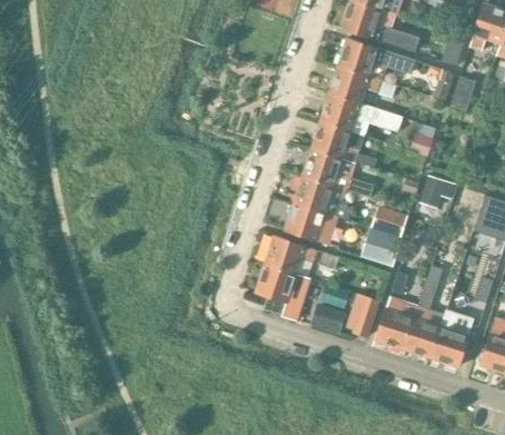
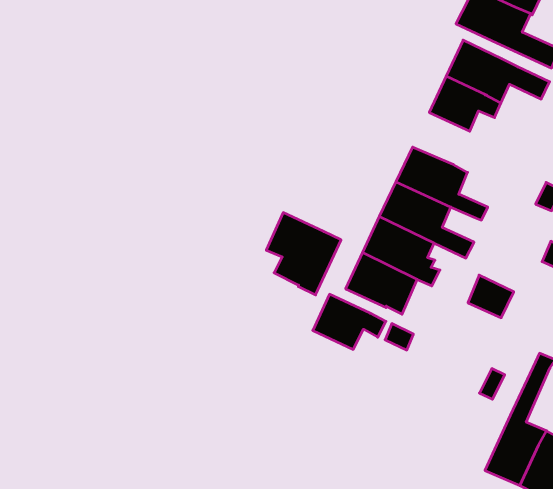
building: [320,95,402,135] -> none
building: [362,227,400,266] -> none
building: [256,264,309,320] -> [266,213,341,295]
building: [347,293,379,336] -> none
building: [375,297,416,349] -> none
building: [311,305,345,334] -> none

